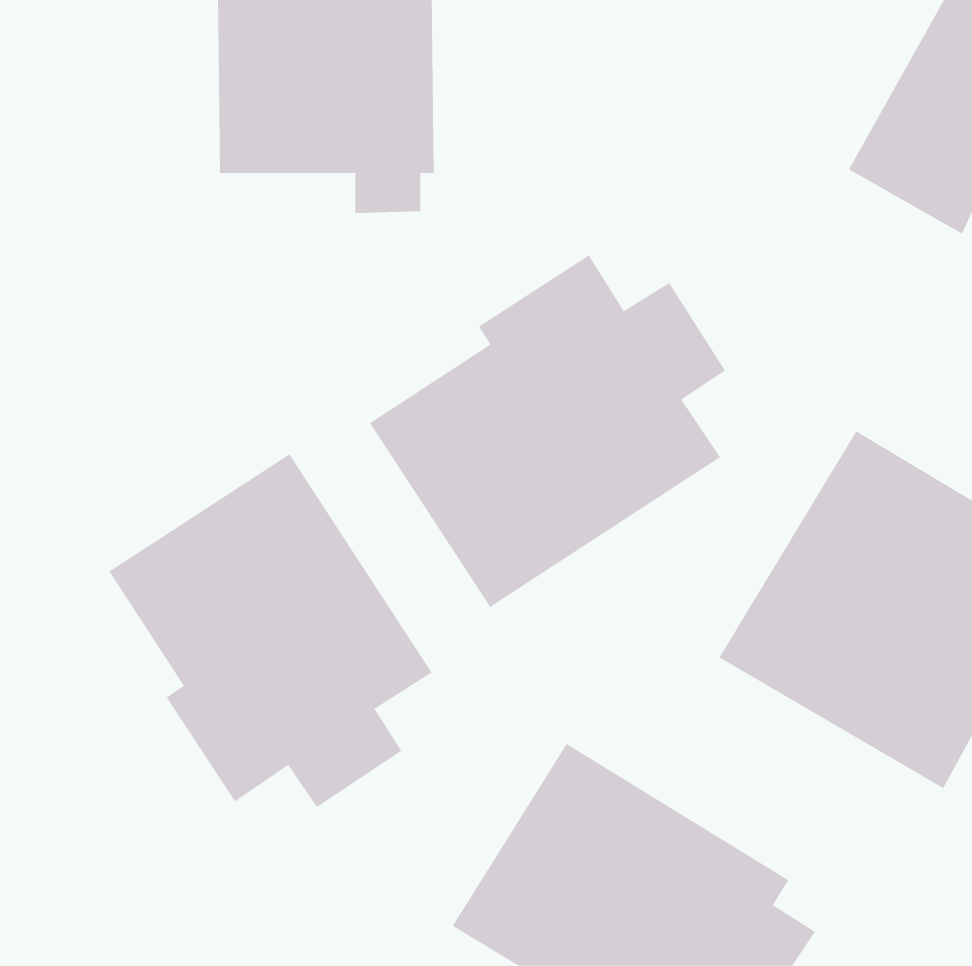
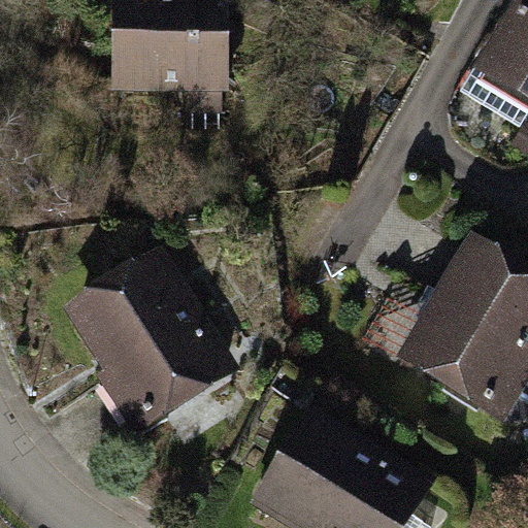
building: [369,254,726,608] -> none

